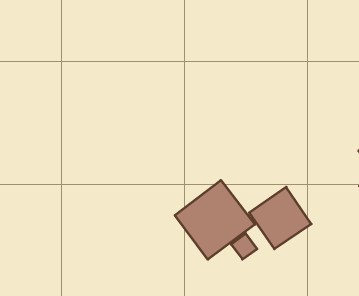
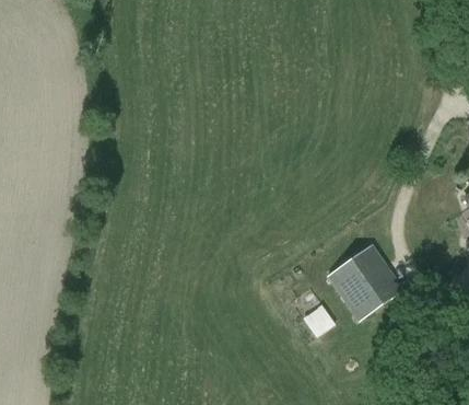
building: [175,180,255,259] -> none

